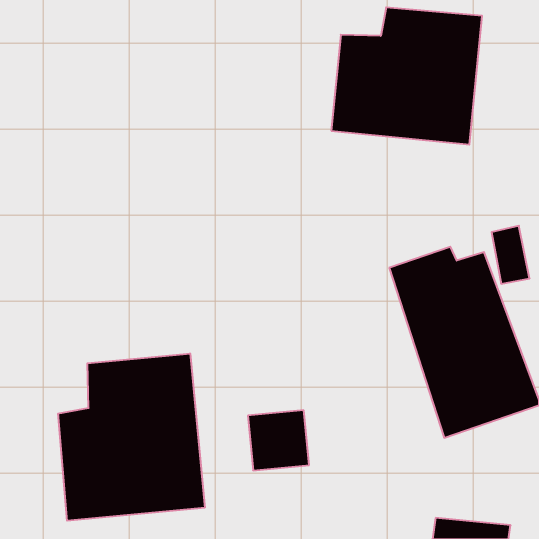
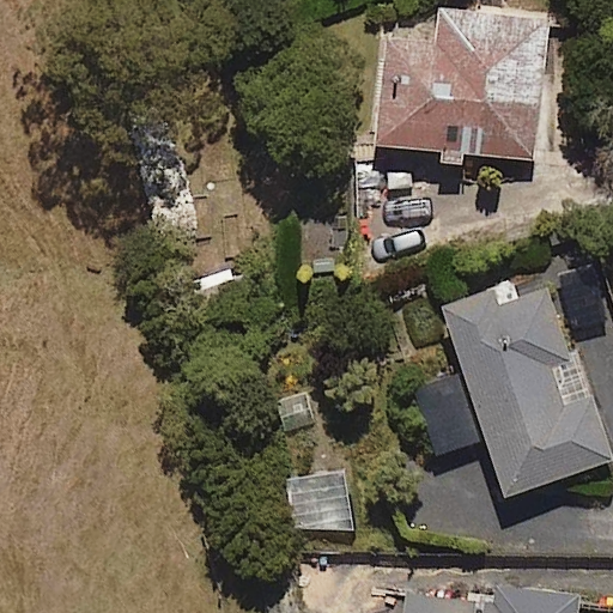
building: [58,353,205,521] -> none

